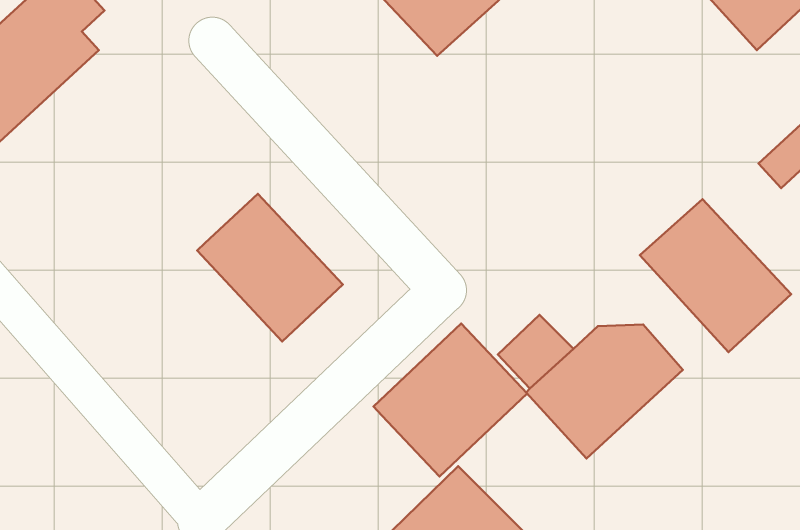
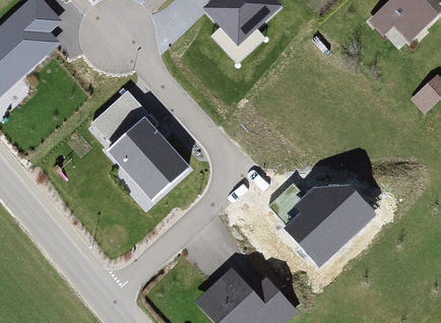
building: none -> [92,90,146,143]
building: [640,199,791,352] -> none
building: [374,324,527,476] -> none

